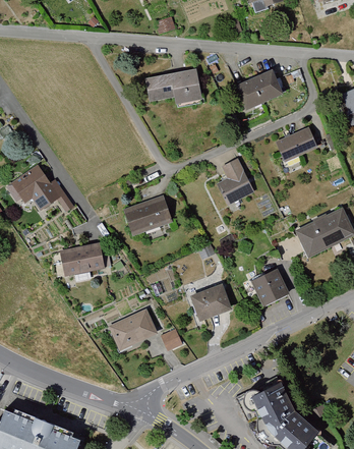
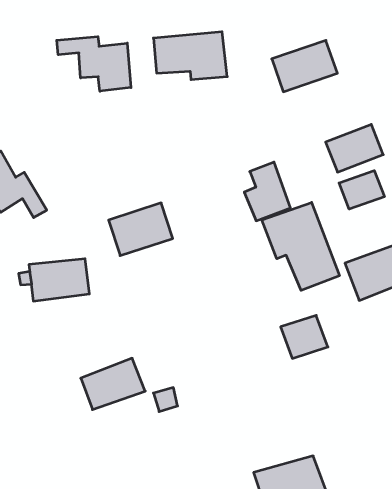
building: none -> [57,37,131,91]
building: none -> [339,171,384,209]
building: none -> [262,202,339,290]
building: [189,285,228,321] -> none

